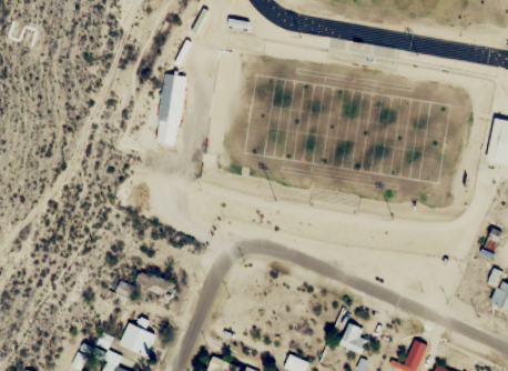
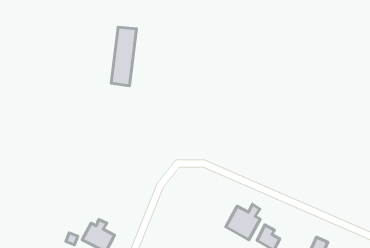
building: none -> [226,204,260,240]

